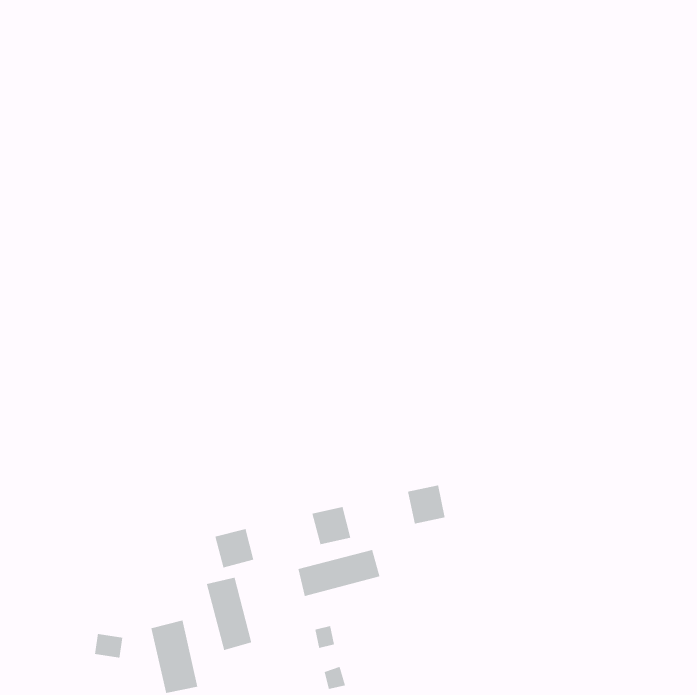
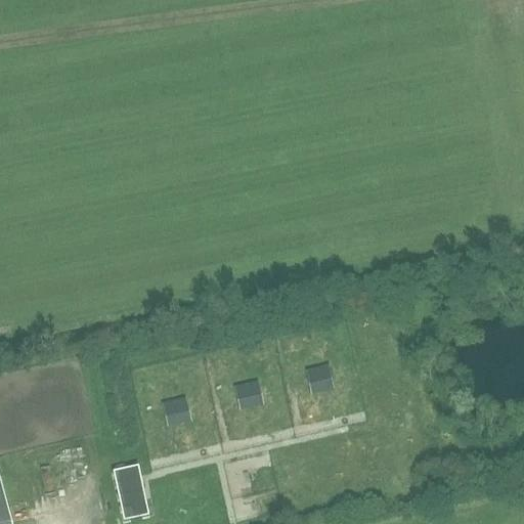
building: [298,549,380,597] -> none
building: [206,577,252,651] -> none

